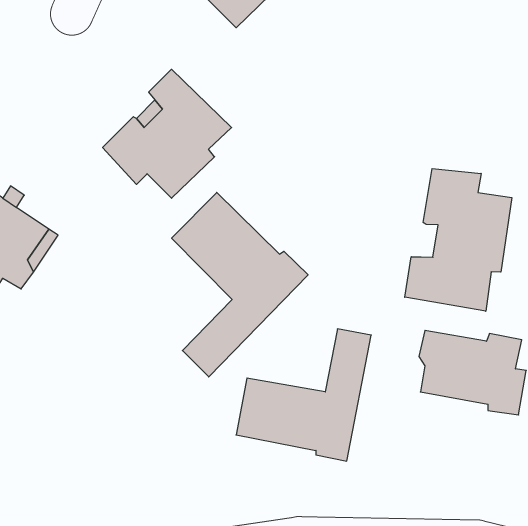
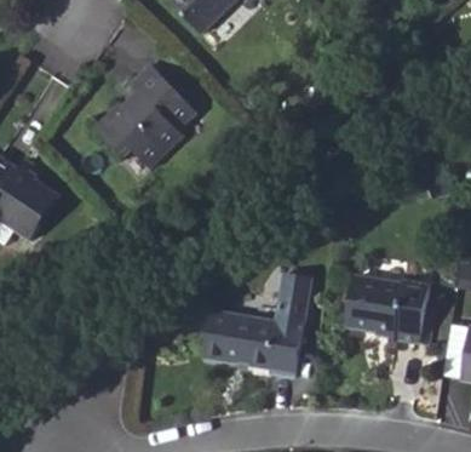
building: [405,169,512,311] -> none
building: [172,192,308,377] -> none

